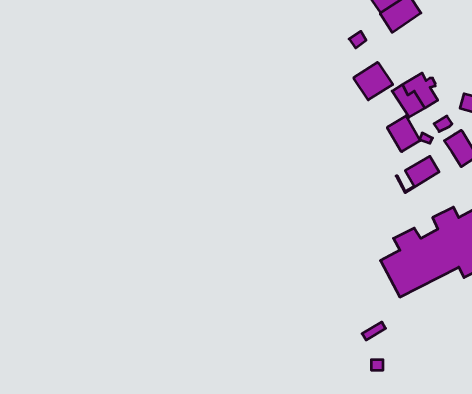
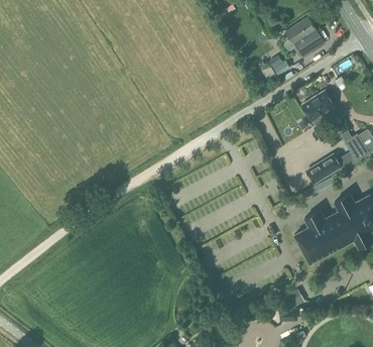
building: [354,62,393,100] -> none
building: [387,116,420,152] -> none

